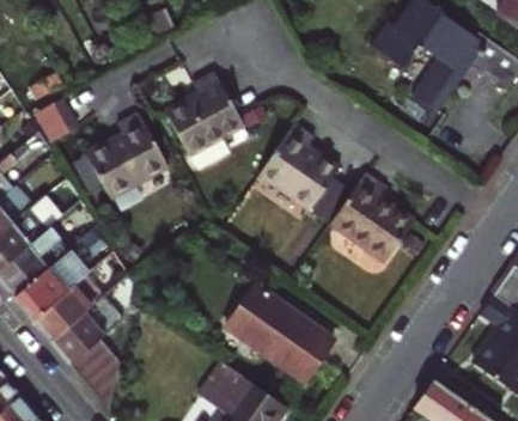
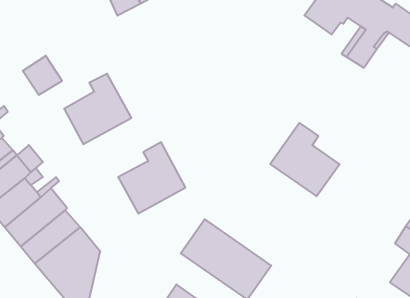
building: [164,71,244,155] -> [118,142,185,213]
building: [258,123,337,207] -> none

